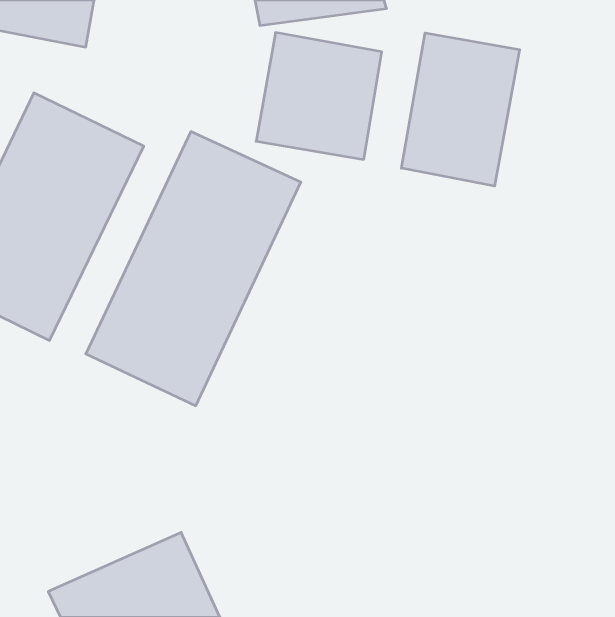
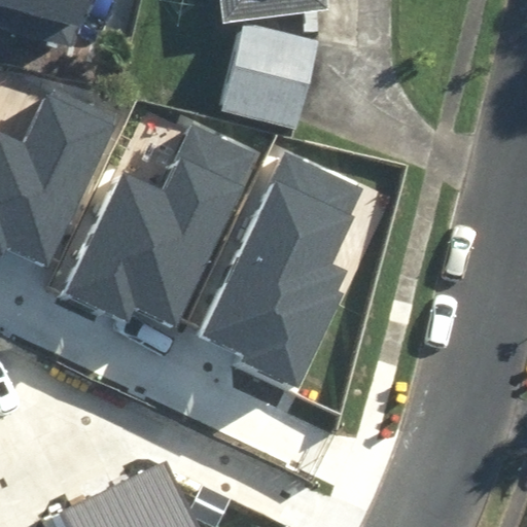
building: [401,33,520,186] -> none
building: none -> [197,152,380,386]

